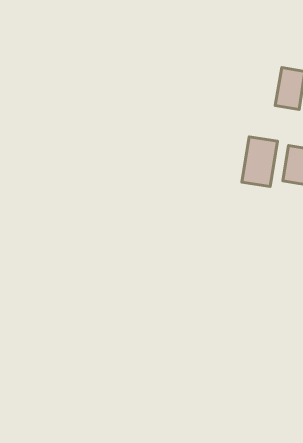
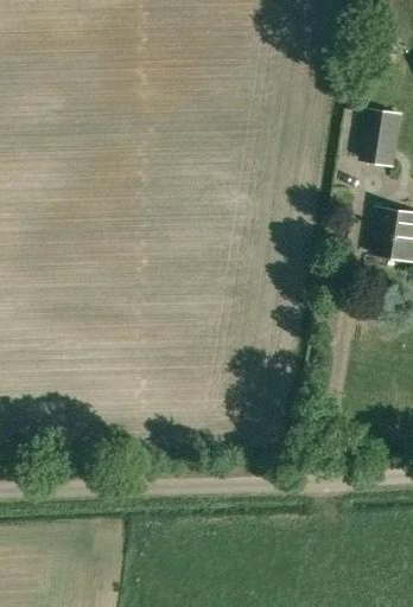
building: [242,137,277,186] -> none

